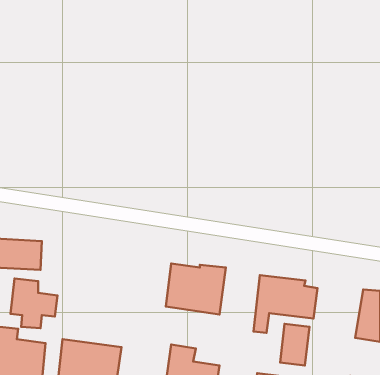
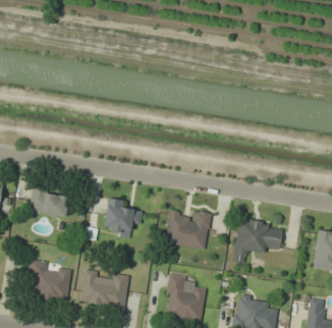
building: [11,278,58,328] -> [104,199,141,237]
building: [280,324,309,366] -> none

